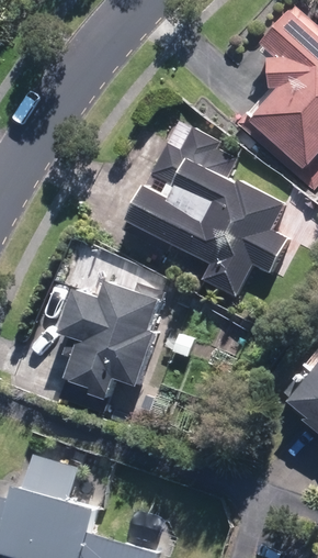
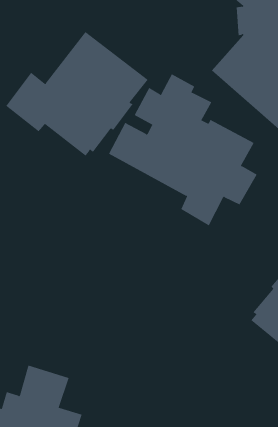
building: none -> [6,31,149,156]
building: [55,279,164,414] -> none

